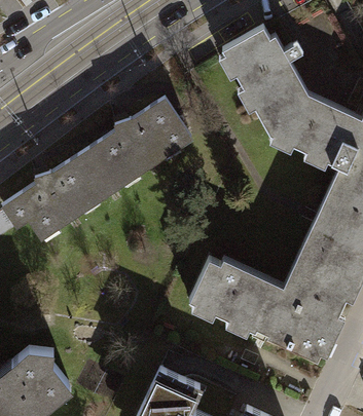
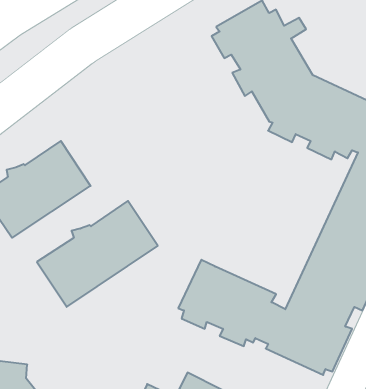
building: [83,99,191,193] -> [37,201,158,307]
building: [221,161,349,303] -> none

